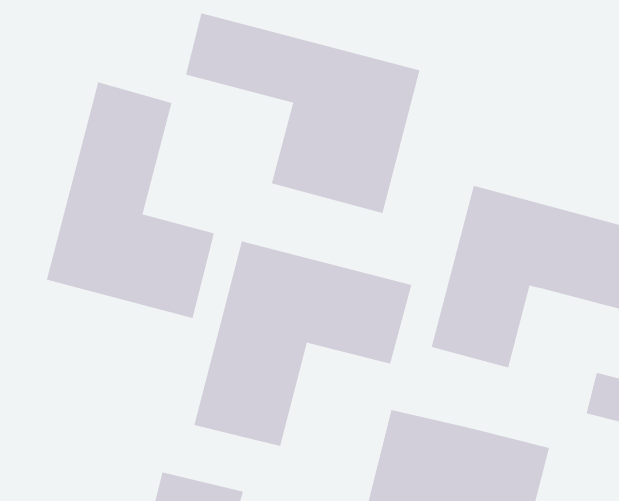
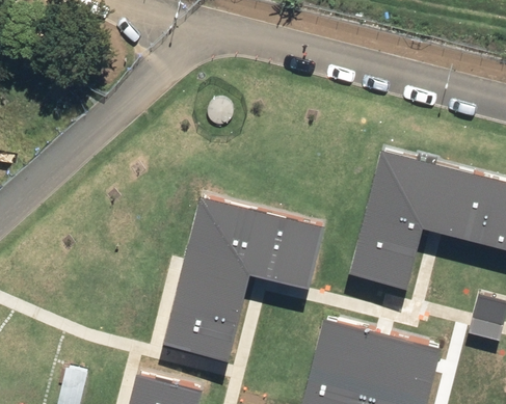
building: [186,13,420,214] -> none
building: [46,82,214,319] -> none

